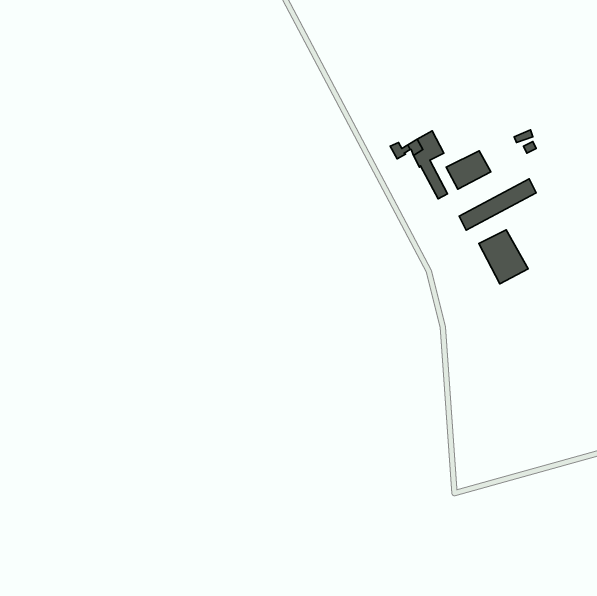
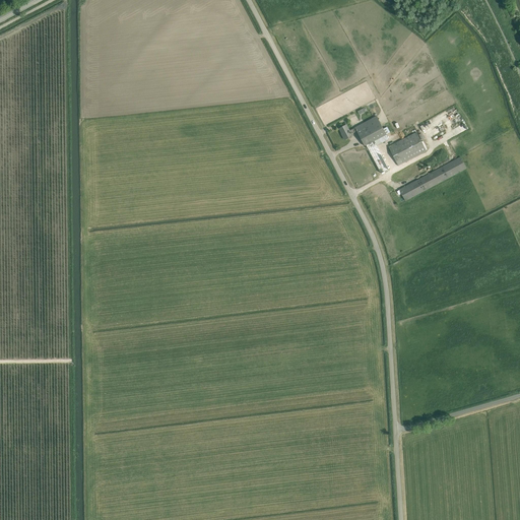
building: [479,230,528,284] -> none

